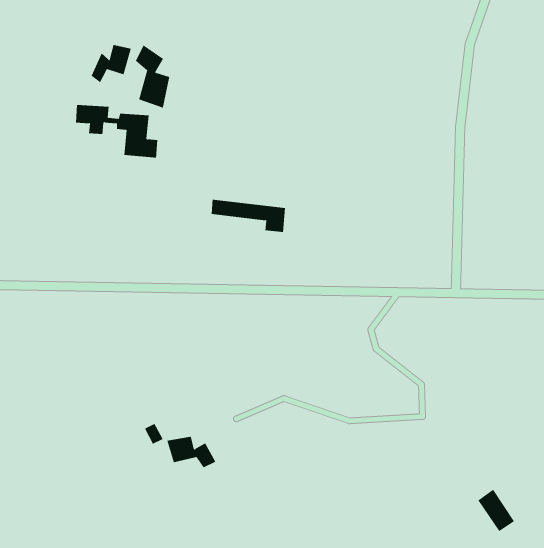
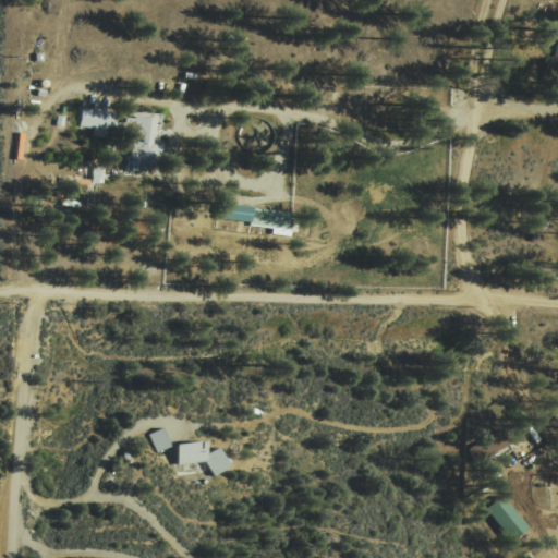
building: [91,44,132,83] -> none
building: [135,44,170,108] -> none

